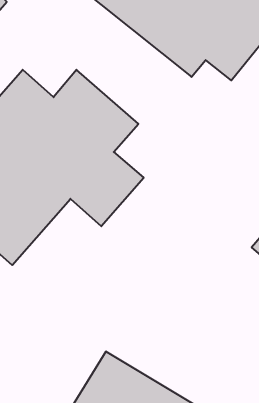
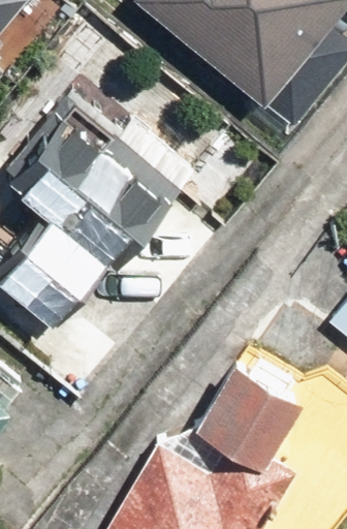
building: none -> [190,344,296,462]

